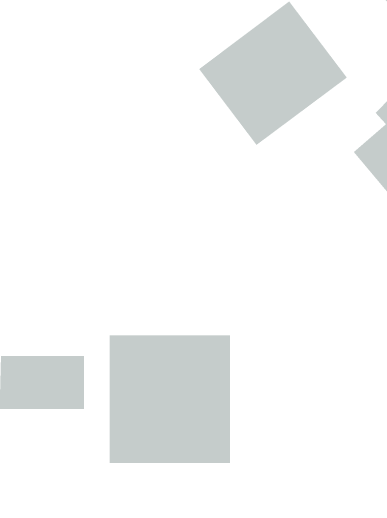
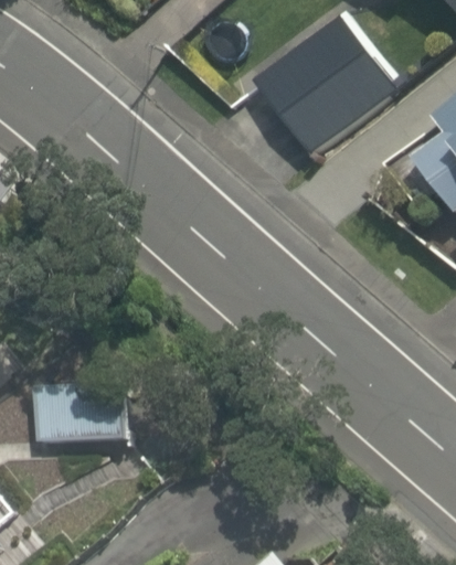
building: [109,335,230,464] -> none

